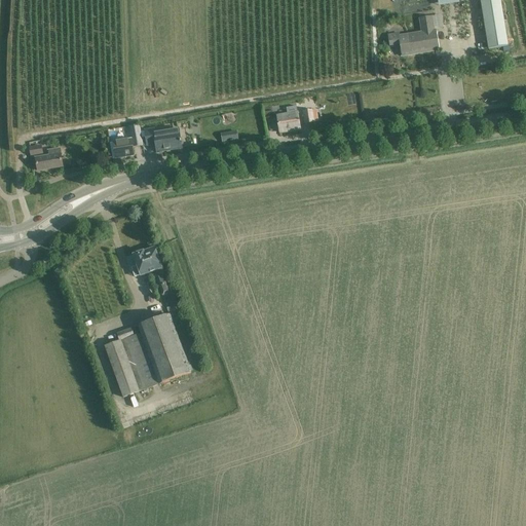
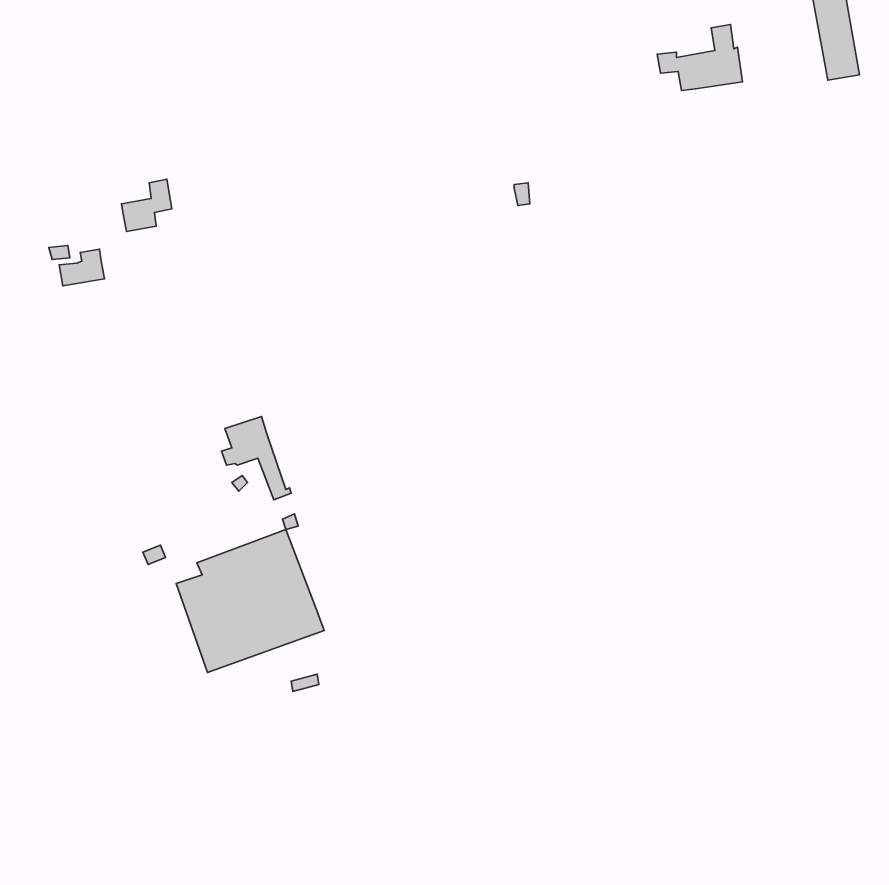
building: [276,104,299,130] -> none
building: [112,125,142,156] -> [121,179,172,232]
building: [144,126,182,150] -> none

